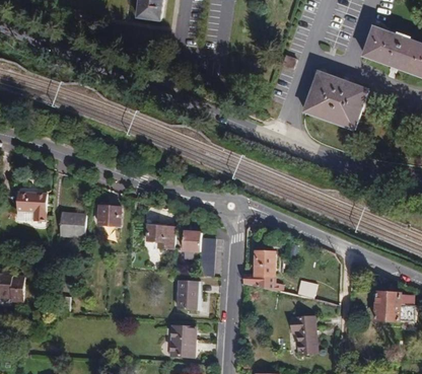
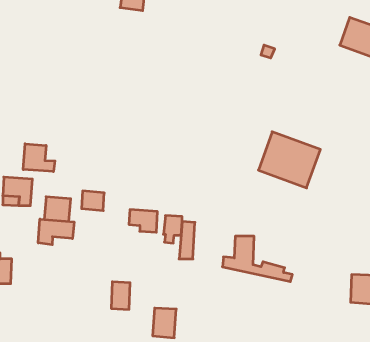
building: [304,72,368,130] -> [258,132,320,188]
building: none -> [23,144,55,172]
building: none -> [38,219,74,245]
building: [178,281,197,309] -> [111,282,130,309]
building: [291,315,318,355] -> none

